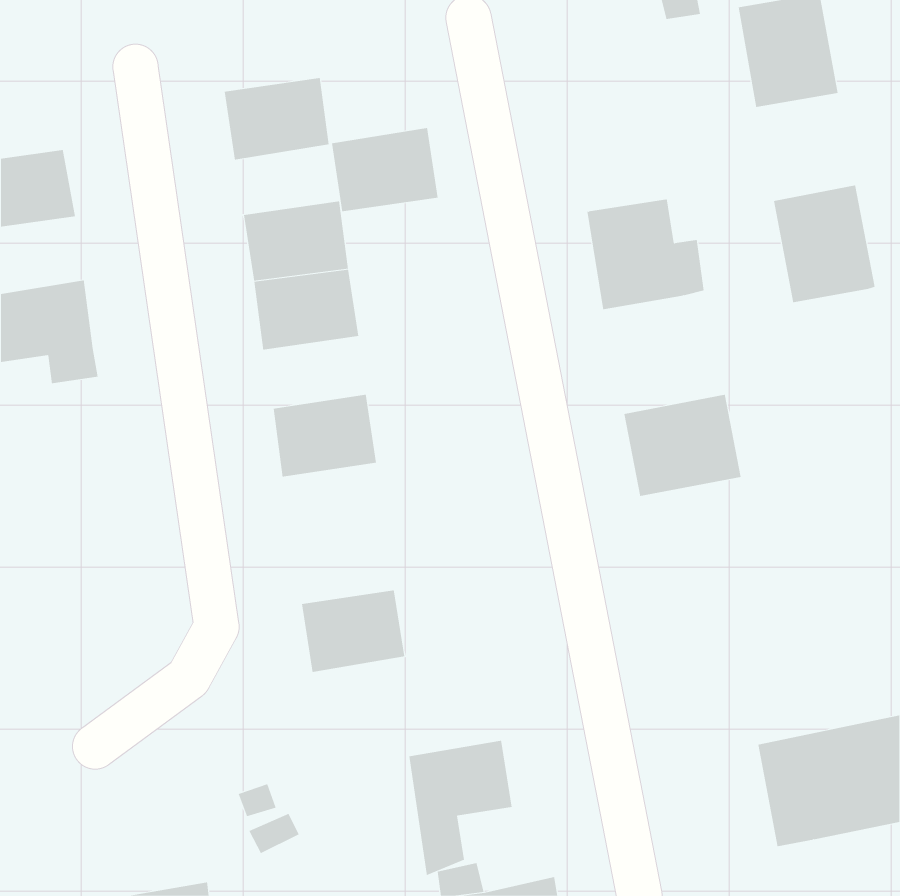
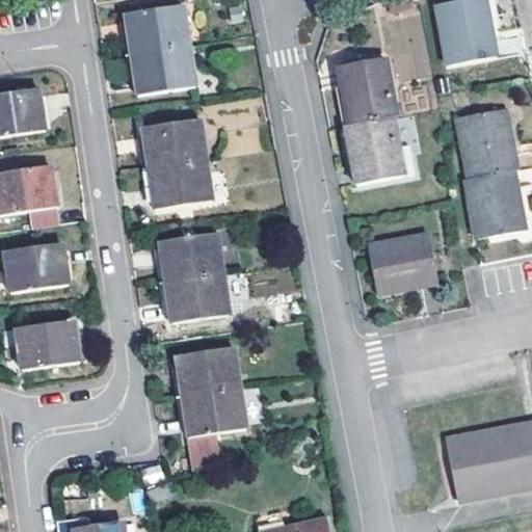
building: none -> [338,57,395,125]
building: [331,127,439,212] -> [126,4,189,54]
building: none -> [466,170,525,237]
building: none -> [4,242,68,291]
building: none -> [166,273,228,322]
building: none -> [17,320,79,368]
building: [409,740,512,876] -> [184,388,245,468]

